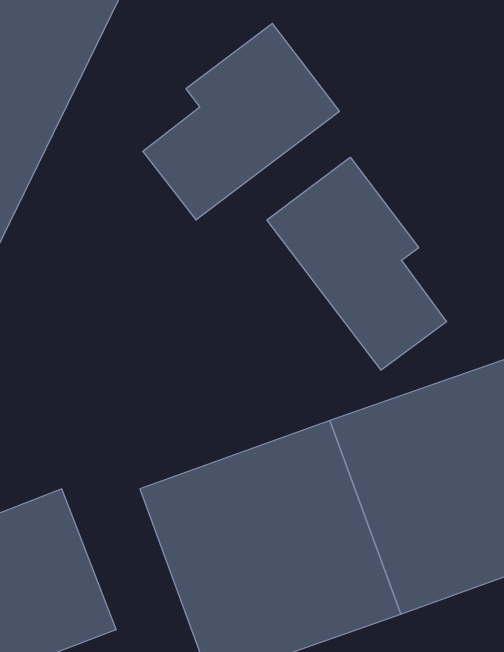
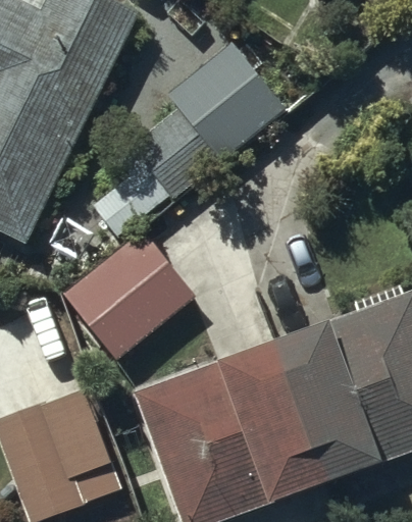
building: [267,157,447,370] -> none
building: none -> [65,234,195,362]

